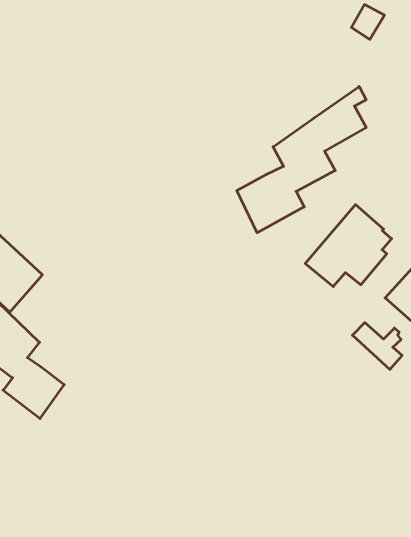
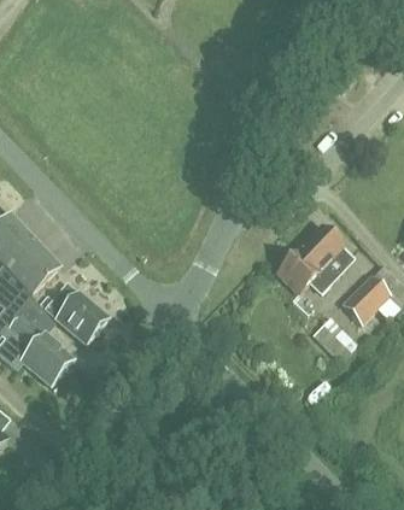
building: [237,86,366,233] -> none
building: none -> [43,281,107,342]

